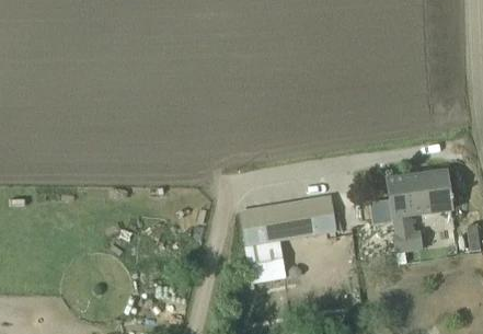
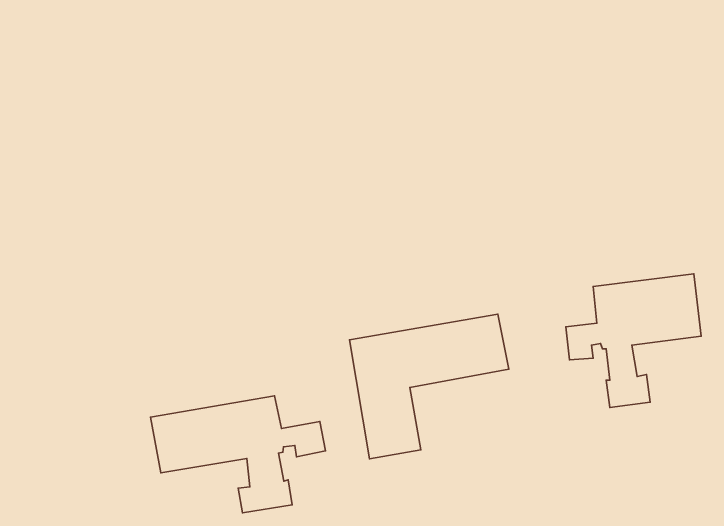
building: none -> [151,396,326,513]

